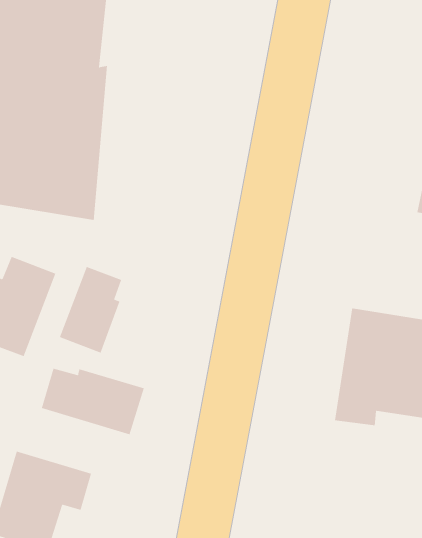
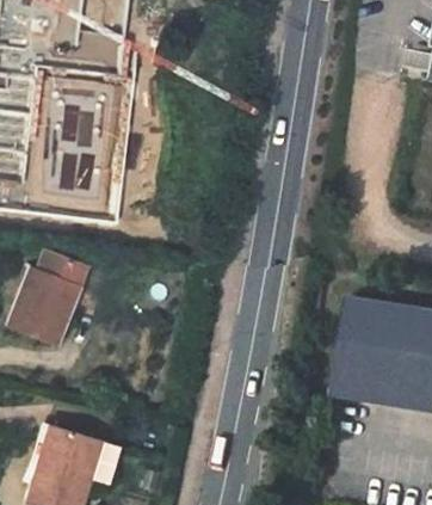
building: [59,266,122,354] -> none
building: [41,368,145,435] -> none

